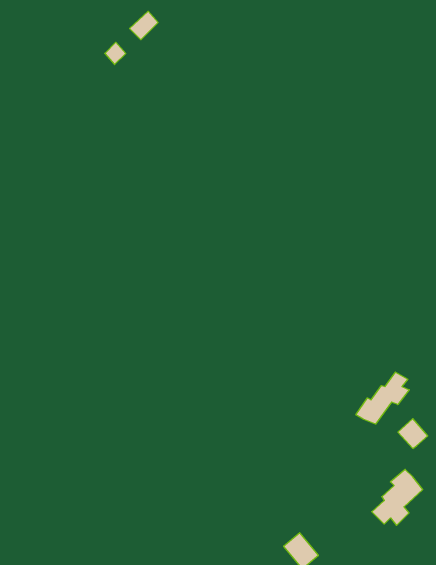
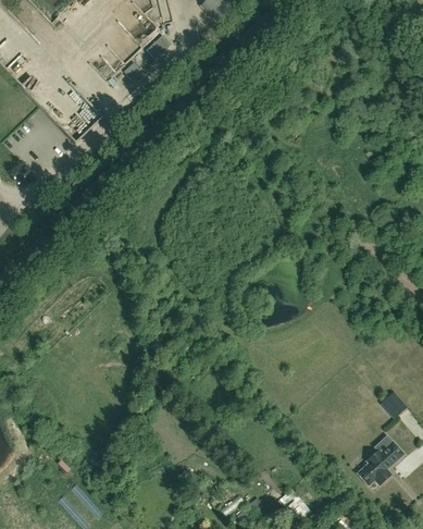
building: [356,372,409,424] -> none

